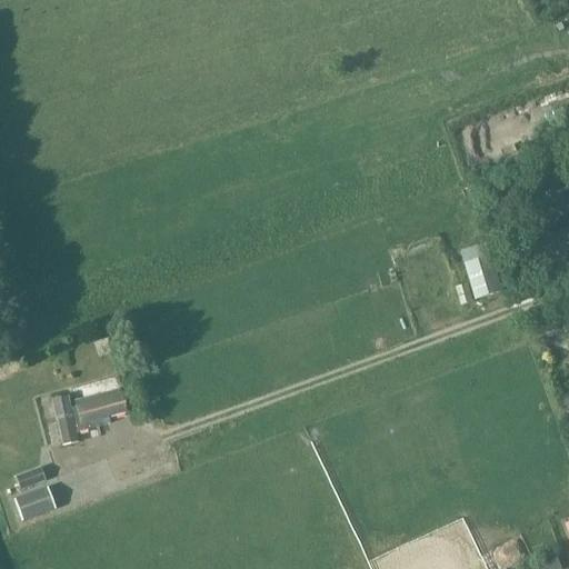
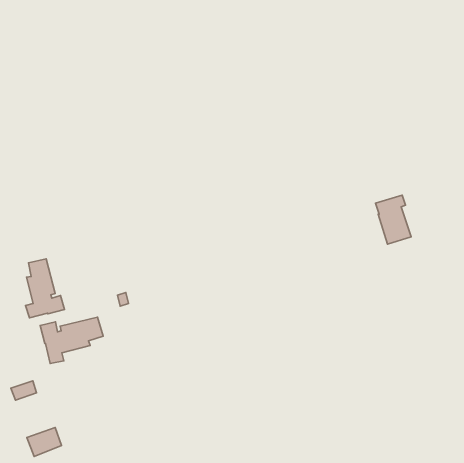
building: none -> [26,259,64,318]
building: [14,485,57,520] -> [27,427,62,457]

